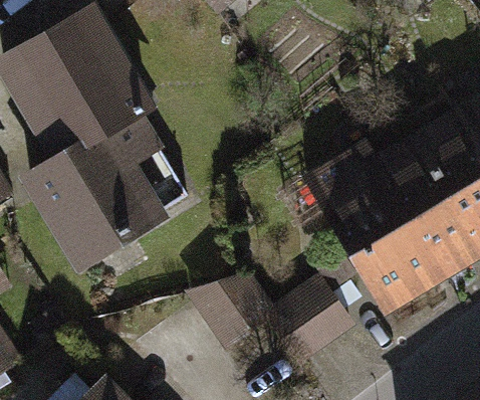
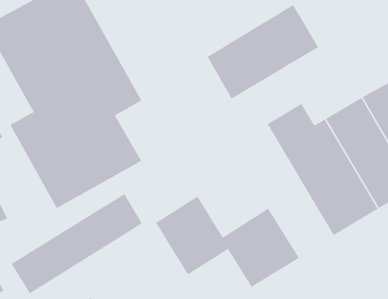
building: none -> [207,4,319,99]
building: none -> [11,193,143,294]

